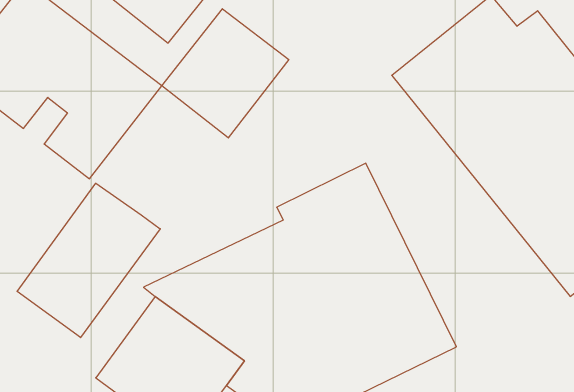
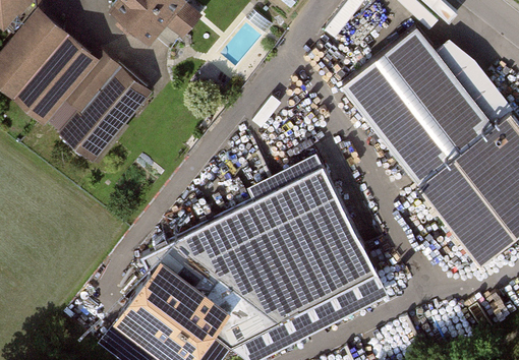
building: [162,9,289,138] -> none
building: [17,183,160,338] -> none

